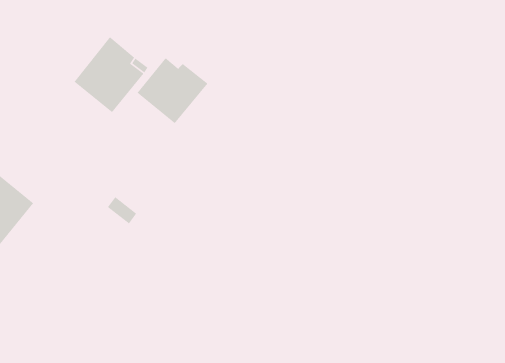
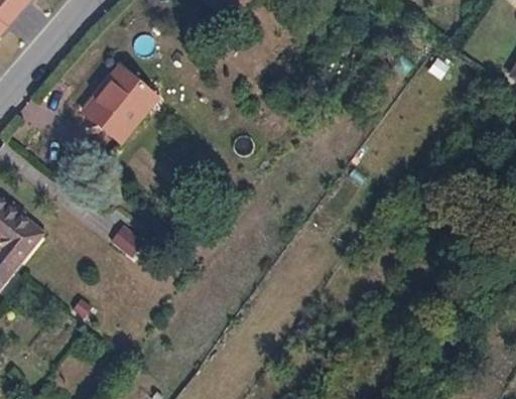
building: [137,57,208,124] -> none

